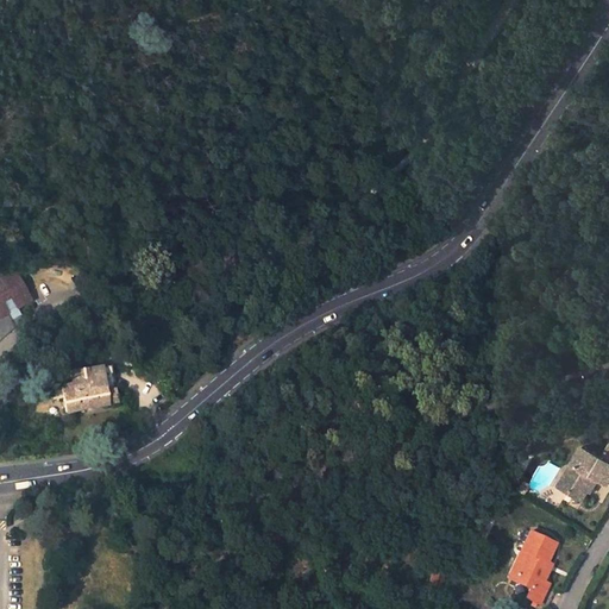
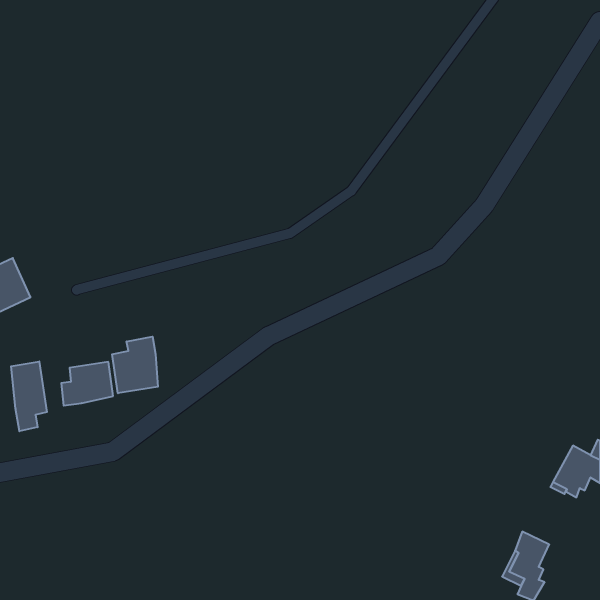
building: none -> [112,337,158,393]
building: none -> [11,361,47,431]

